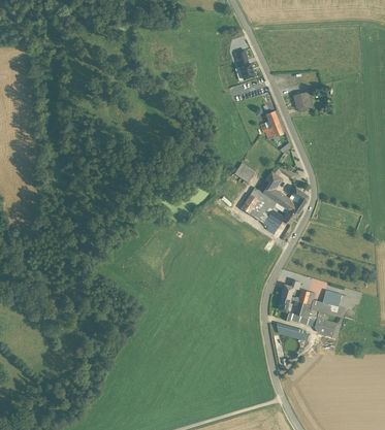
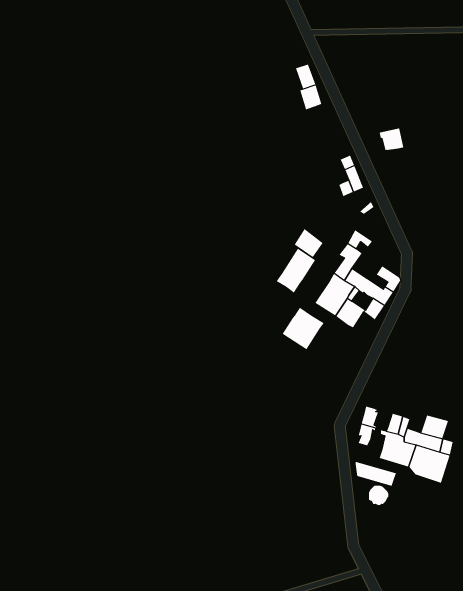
building: none -> [276,248,316,293]
building: none -> [282,307,324,350]

